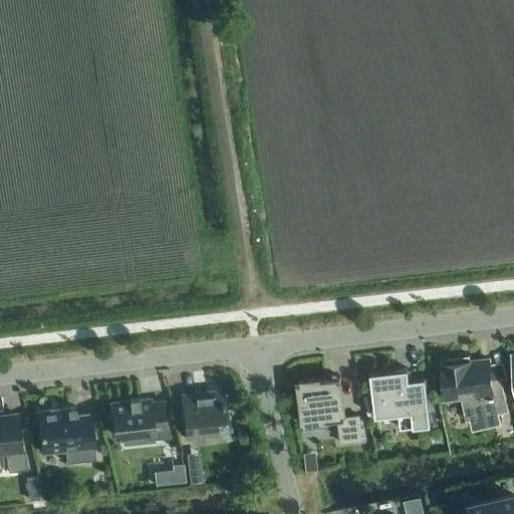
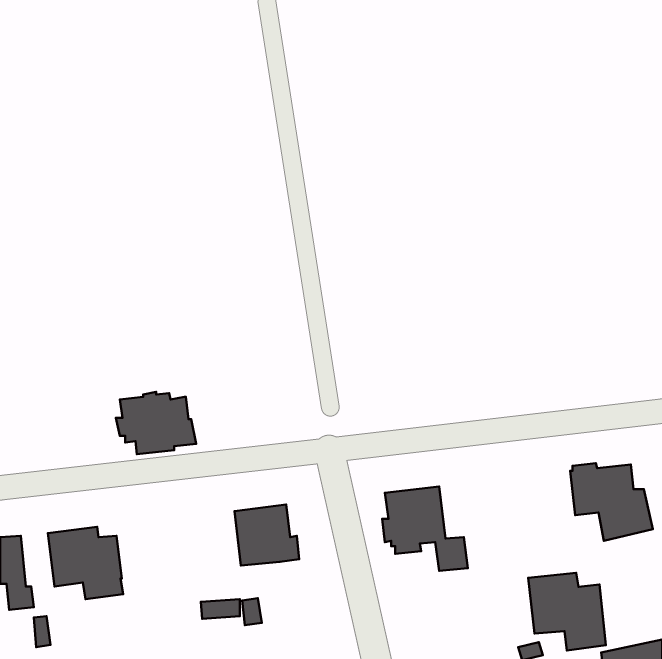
building: [370,371,431,432] -> [528,573,606,651]
building: [107,401,170,449] -> [116,392,196,454]

